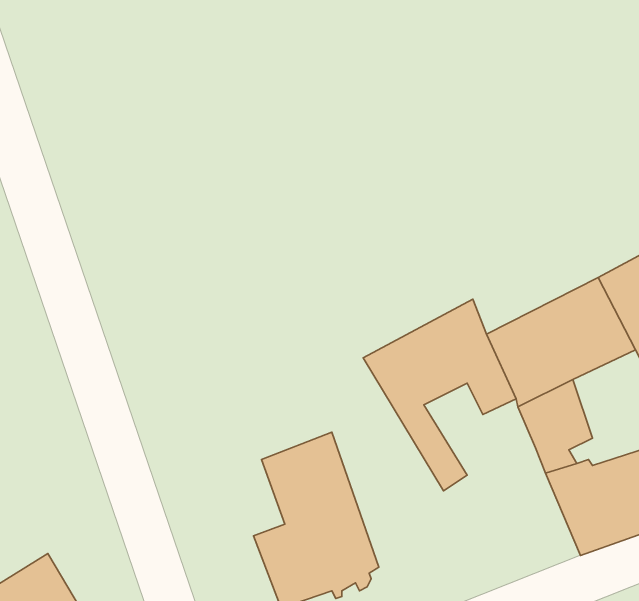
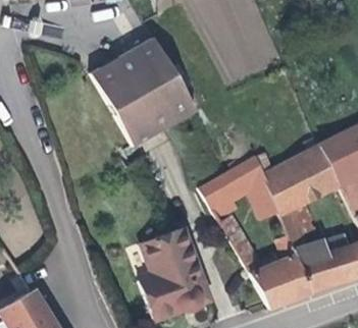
building: none -> [88,37,197,149]
building: none -> [249,235,313,310]

